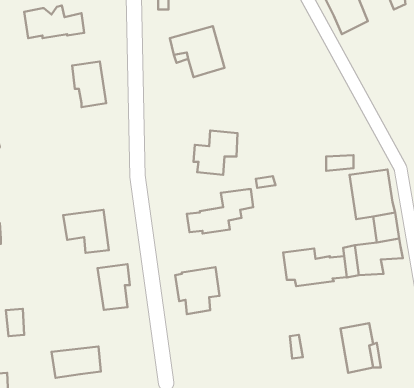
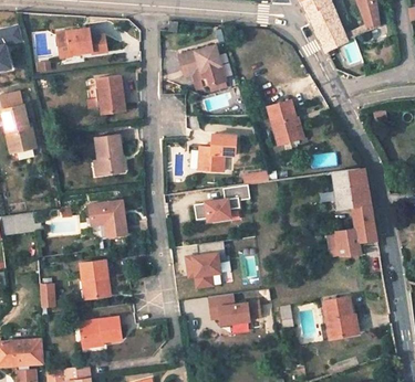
building: none -> [269,100,303,146]
building: none -> [95,135,122,176]
building: [283,248,347,286] -> [207,294,261,326]
building: [97,264,130,310] -> [80,259,107,298]

